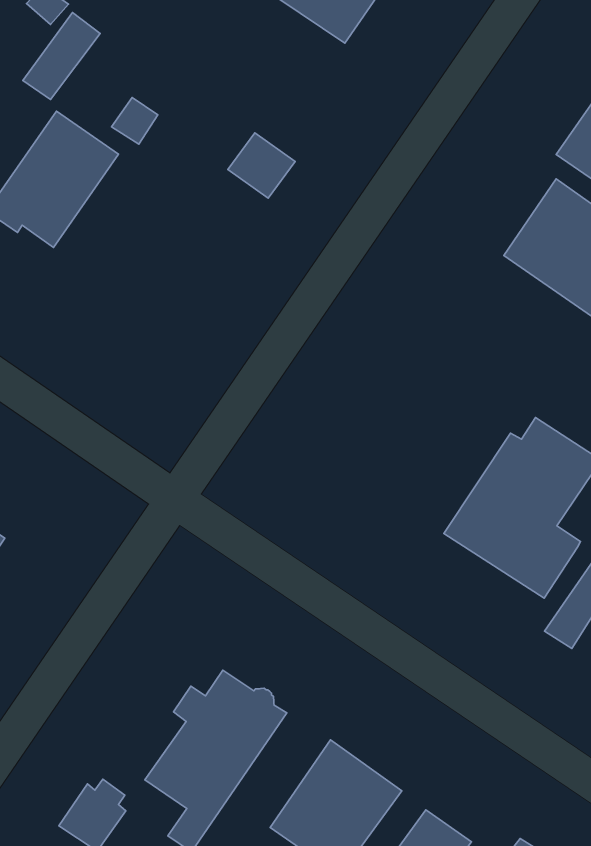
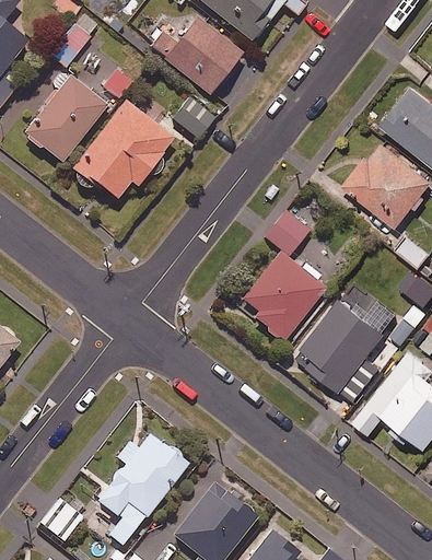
building: none -> [164,20,244,98]
building: none -> [72,100,173,199]
building: none -> [242,212,325,340]

